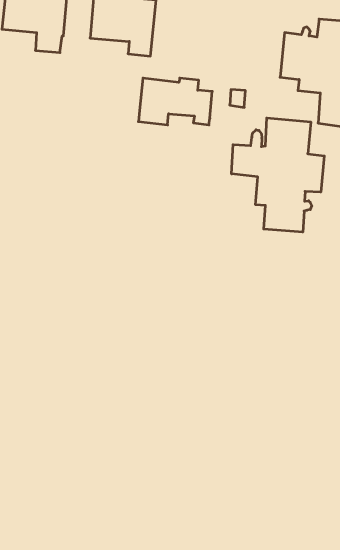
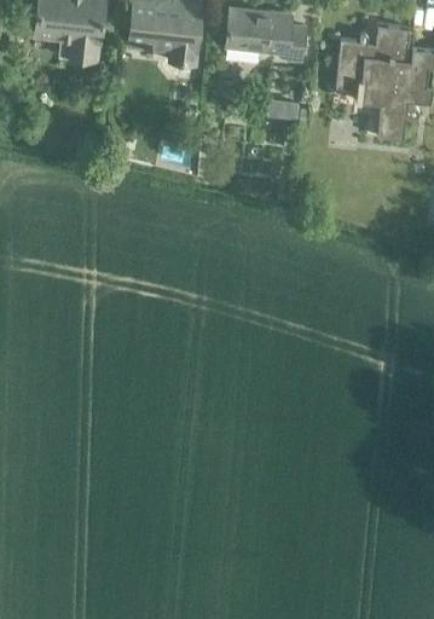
building: [138,78,212,125] -> [225,11,305,62]
building: [232,118,324,232] -> none

